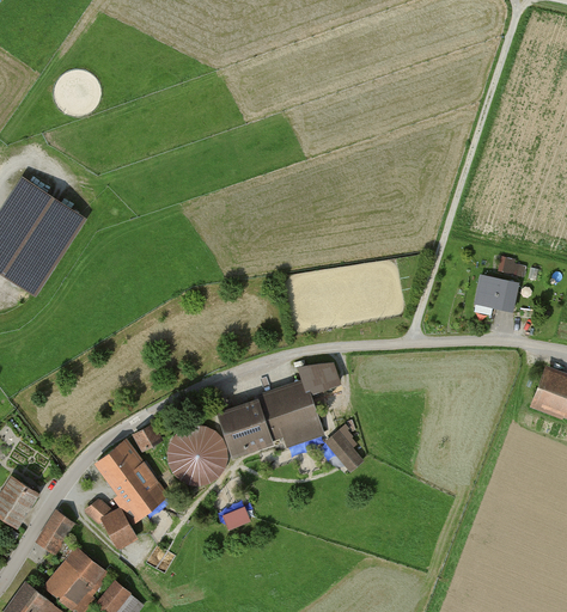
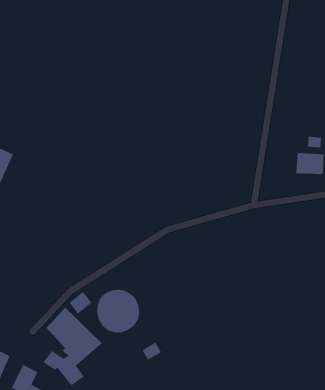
building: [217,362,341,458] -> none
building: [324,430,364,472] -> none

